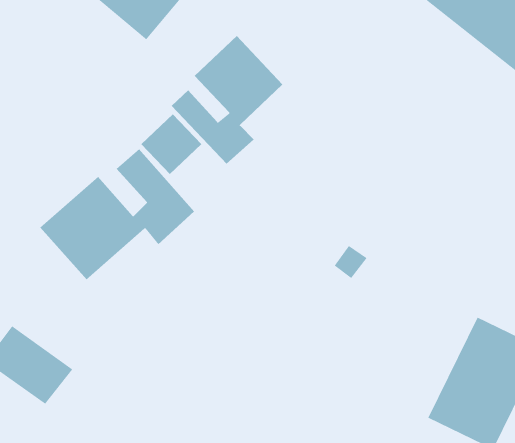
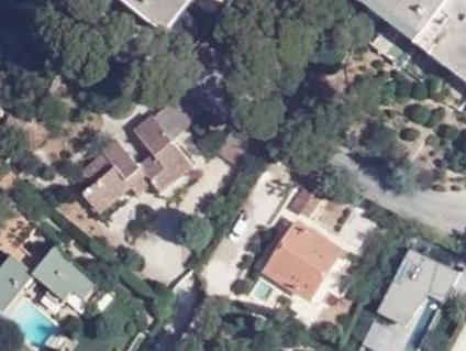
building: [171,35,283,165] -> none
building: none -> [266,221,342,297]

